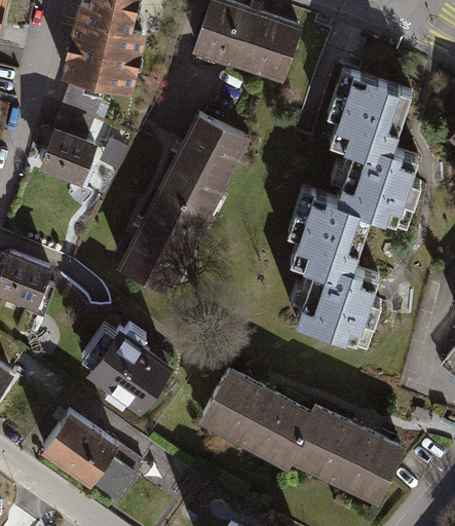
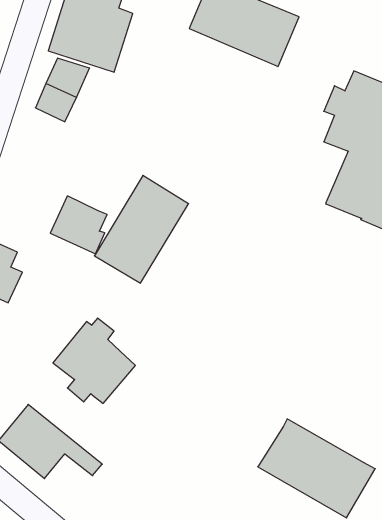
building: [160,117,243,214] -> none
building: [40,134,92,186] -> [50,196,107,254]
building: [287,195,379,347] -> none
building: [201,373,310,464] -> none
building: [88,458,134,501] -> none

